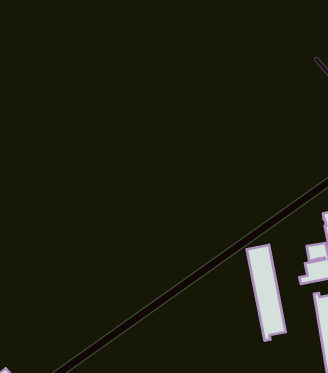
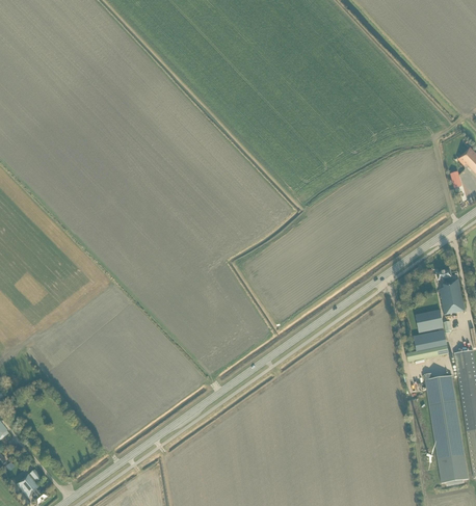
building: [247,245,286,341] -> none

